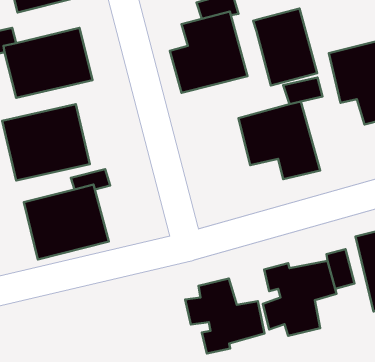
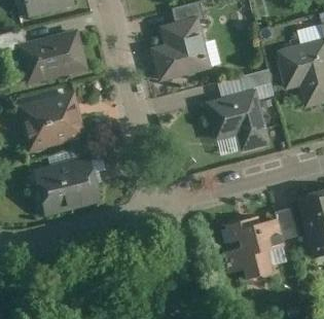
building: [253,8,317,85] -> none
building: [185,279,265,354] -> none

